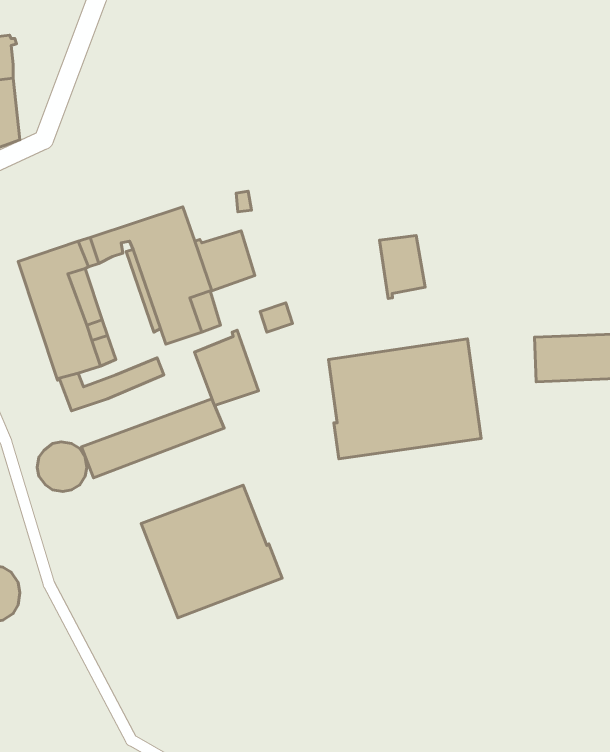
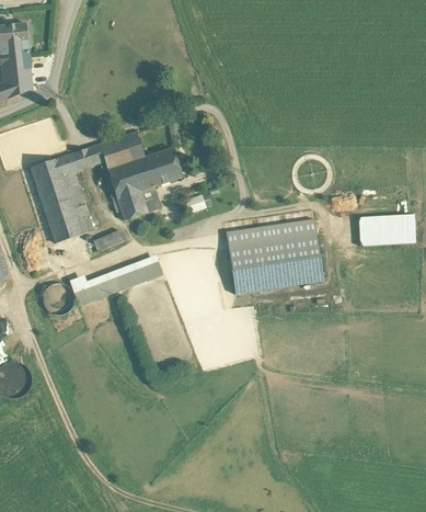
building: [380,235,425,299] -> none
building: [194,330,258,405] -> none
building: [141,485,282,618] -> none

